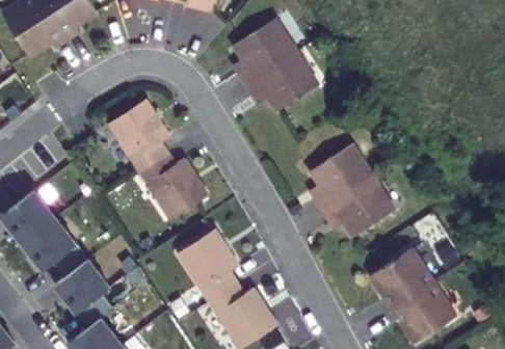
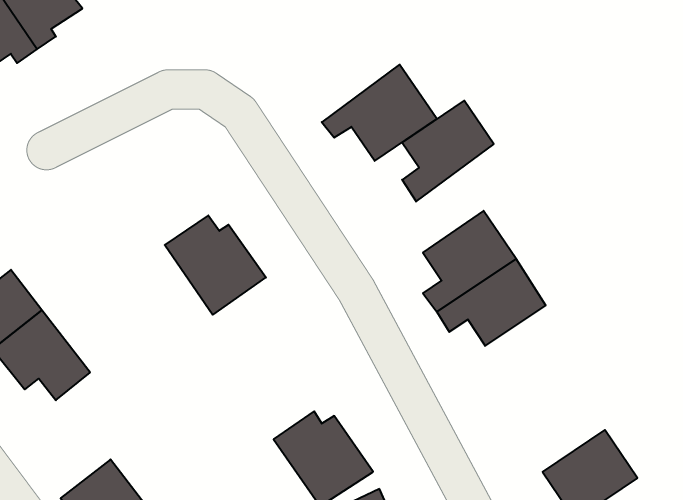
building: [234,21,295,88] -> [402,101,494,202]
building: [105,98,167,170] -> none
building: [178,227,238,300] -> none
building: [56,256,110,310] -> none
building: [368,261,432,322] -> none

